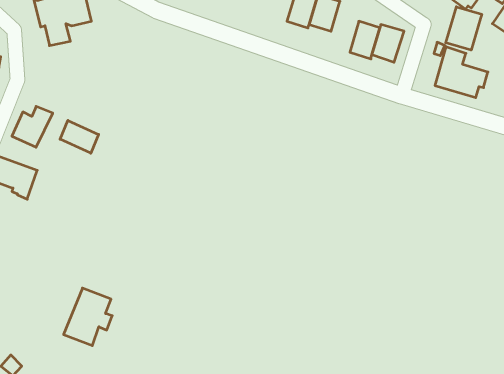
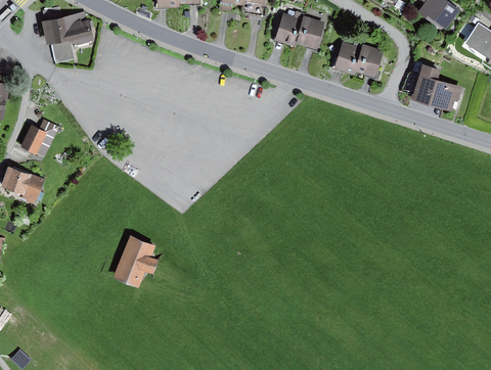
building: [446,7,482,50] -> none
building: [60,120,99,153] -> none
building: [64,288,112,346] -> [111,235,157,288]

